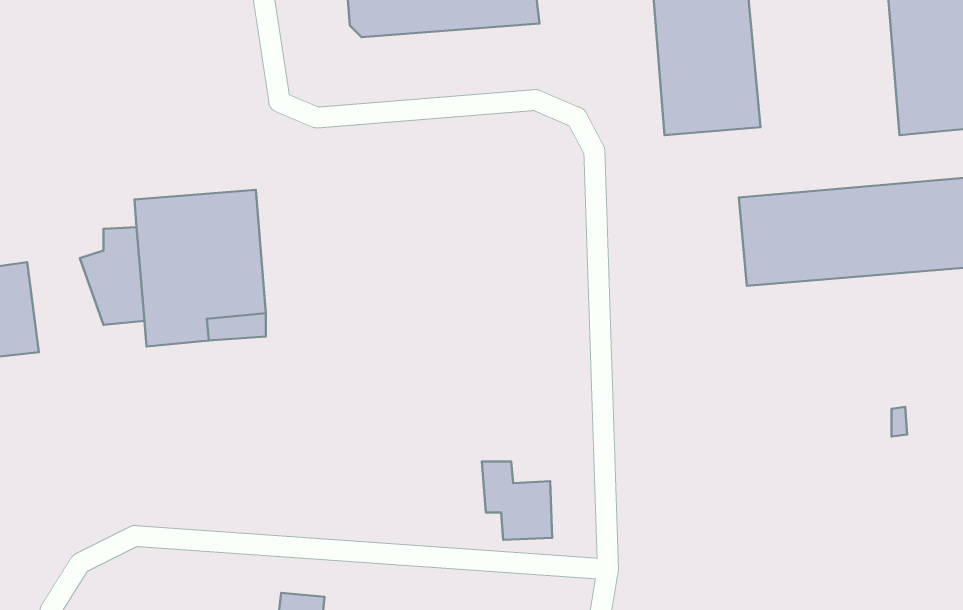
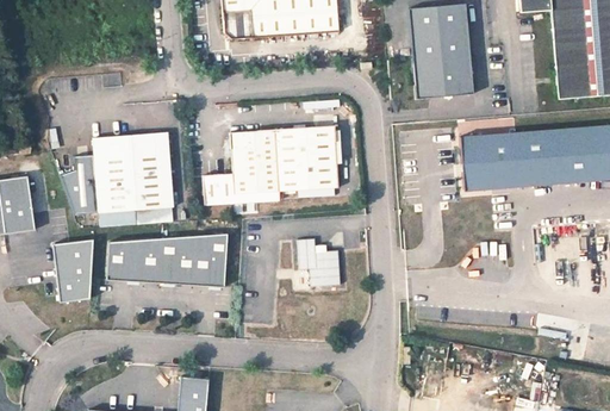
building: none -> [204,125,338,203]
building: none -> [107,235,226,286]
building: none -> [54,238,94,301]
building: [482,462,552,540] -> [298,237,341,285]

